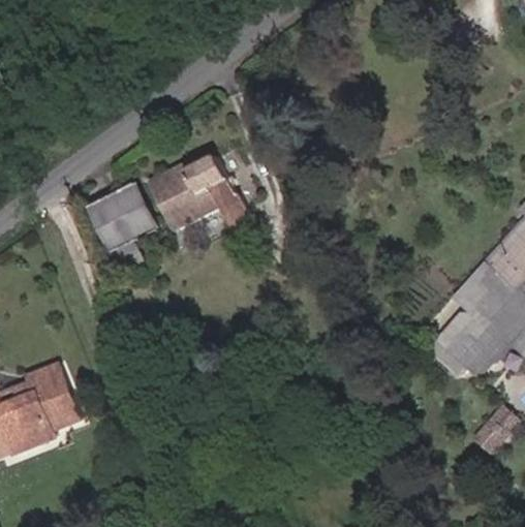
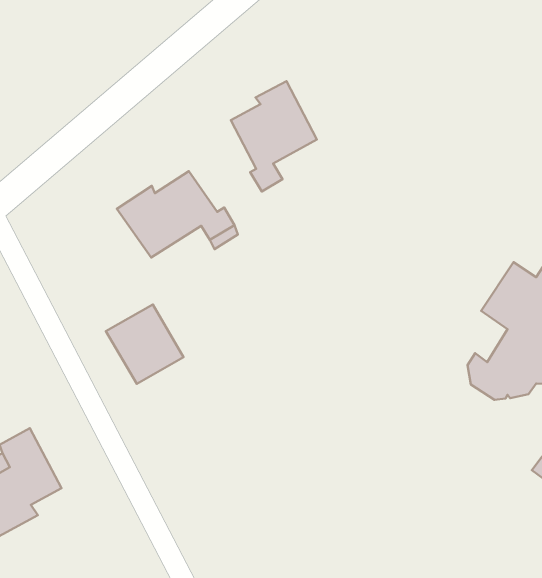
building: none -> [231,81,317,191]
building: [93,183,156,248] -> [106,305,184,384]

